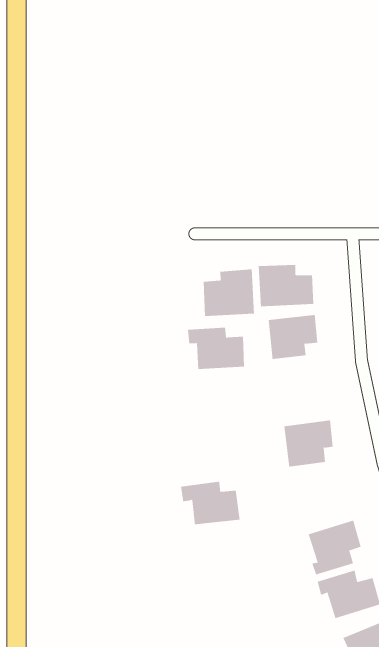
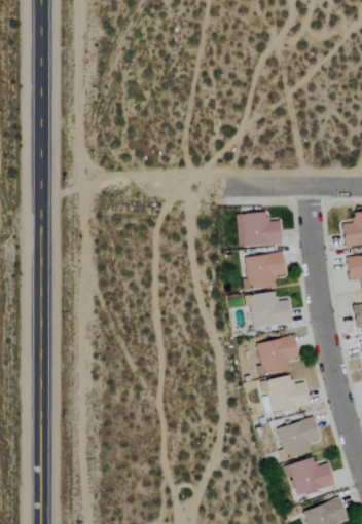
building: [203,269,254,317] -> none
building: [187,327,245,369] -> [245,293,291,327]
building: [180,481,240,525] -> [260,376,309,411]

